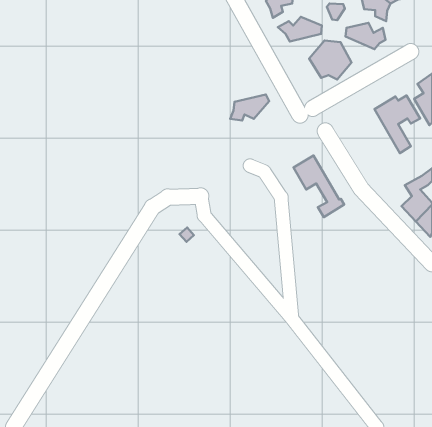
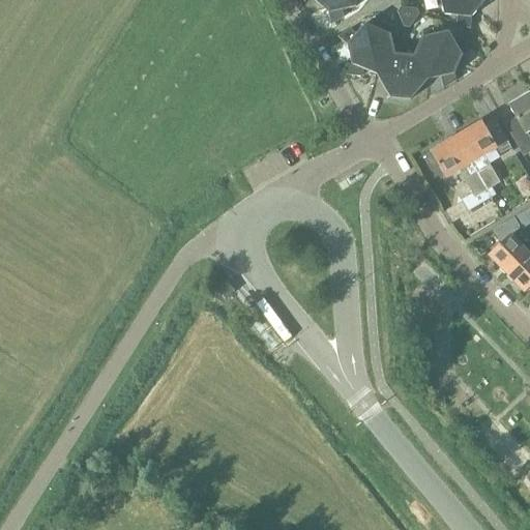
building: none -> [416,45,458,86]
building: [230,94,269,121] -> [349,41,396,73]
building: [293,156,344,217] -> [433,134,495,209]

